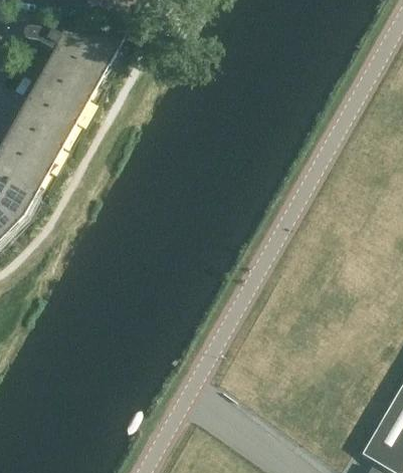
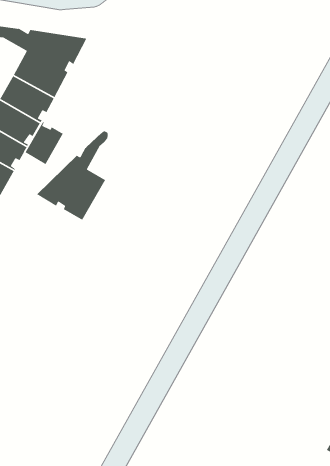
building: none -> [25,121,64,165]
building: none -> [36,131,109,221]

